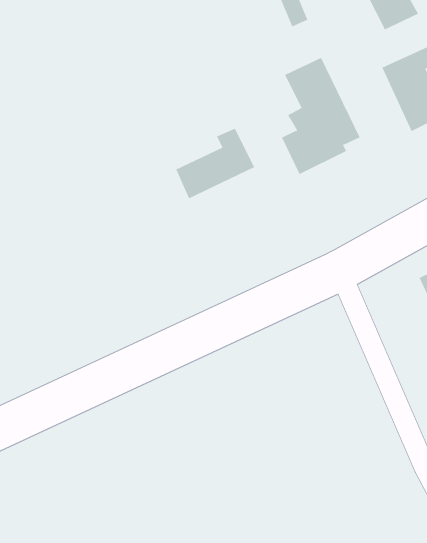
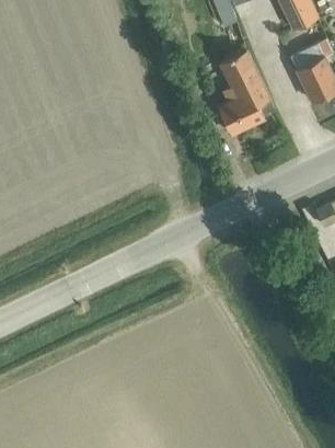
building: [176,128,255,199] -> none

